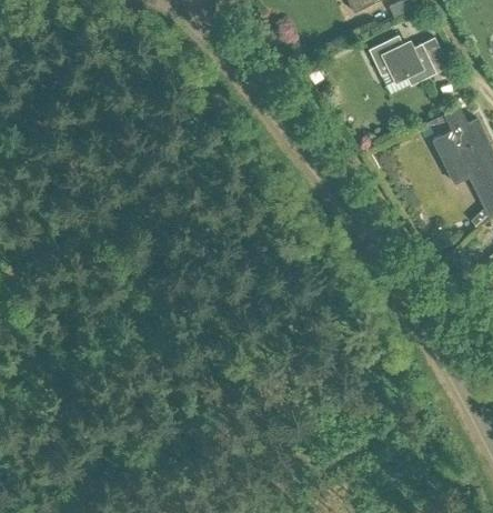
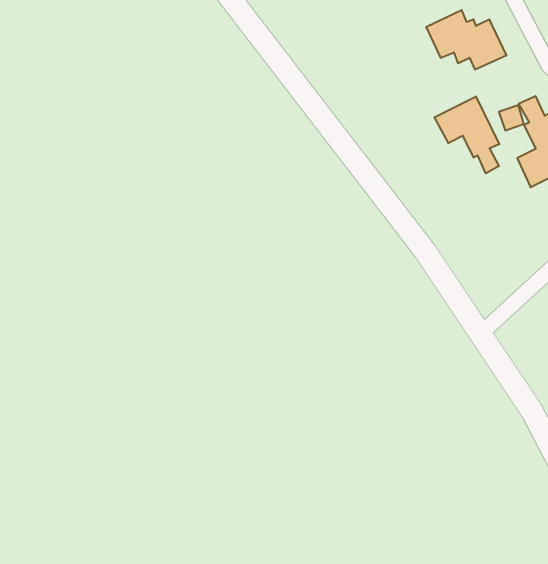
building: none -> [434,96,499,173]

